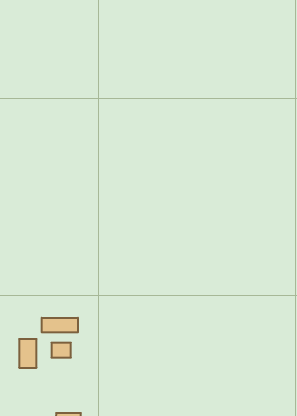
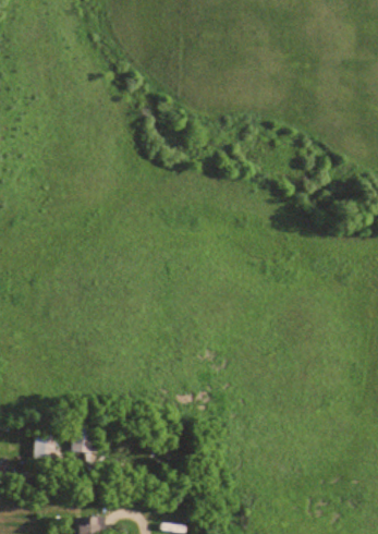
building: [42,318,78,332] -> none

